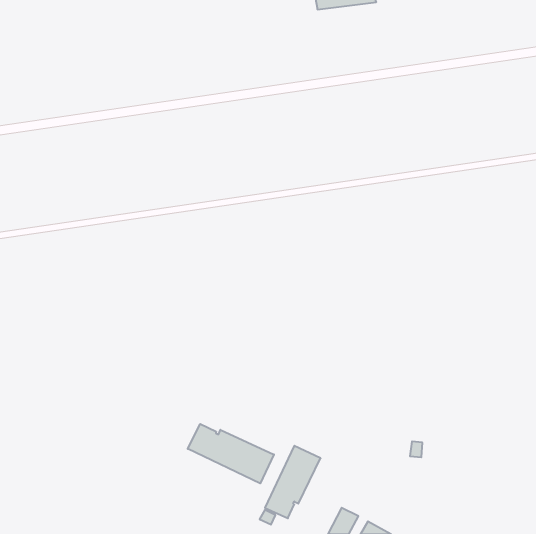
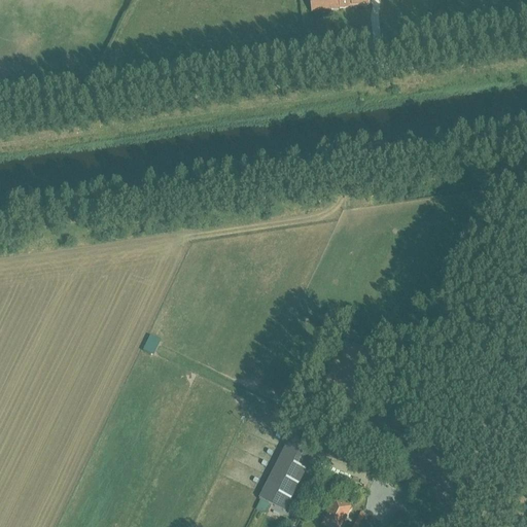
building: [188,424,274,483] -> none

